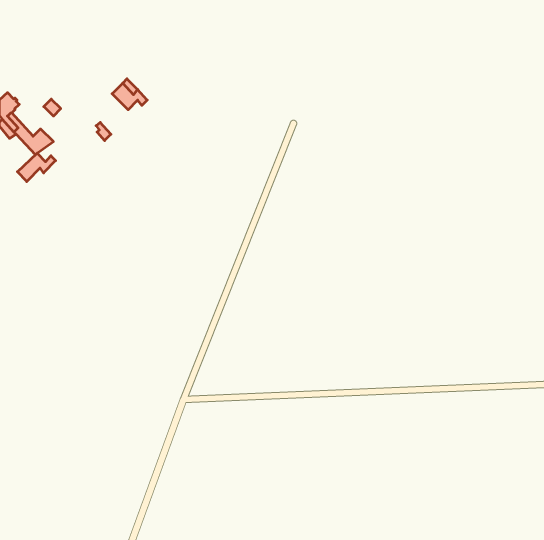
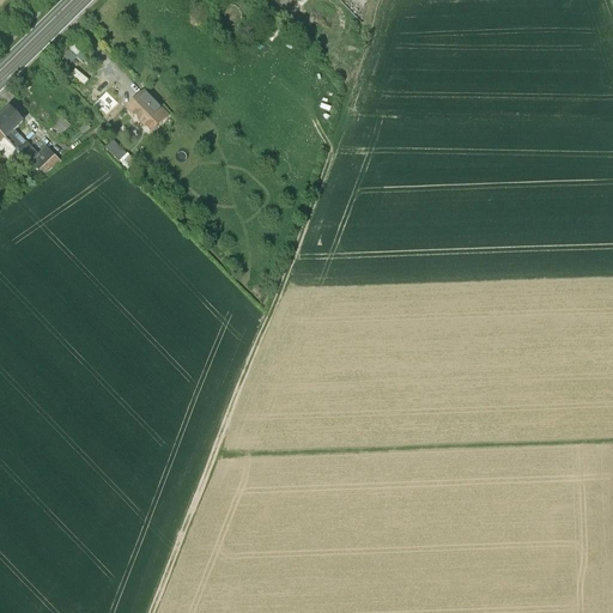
building: [17,153,56,182] -> none

